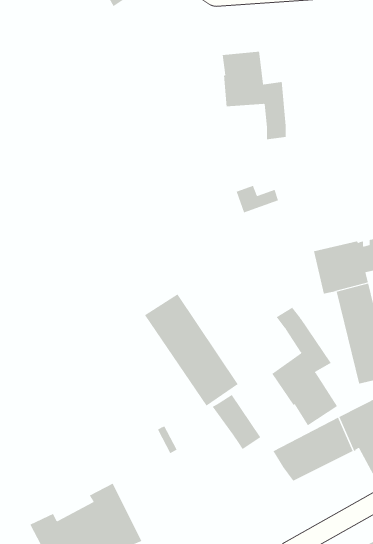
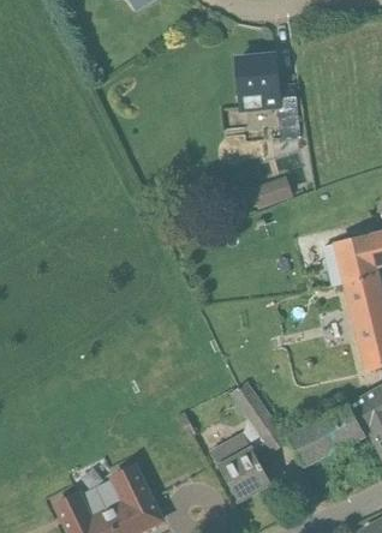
building: [144,293,239,407] -> none
building: [271,307,338,426] -> none
building: none -> [210,430,270,499]

